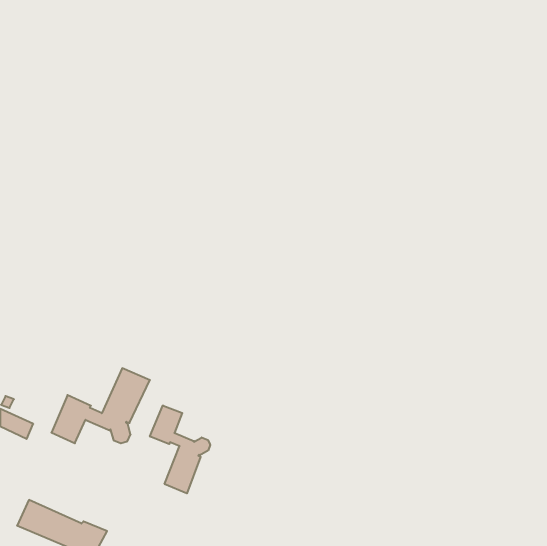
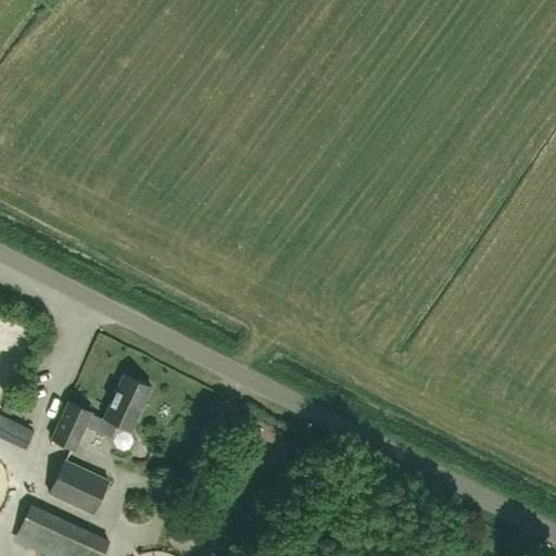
building: [150,405,210,493] -> none
building: none -> [49,458,111,515]

